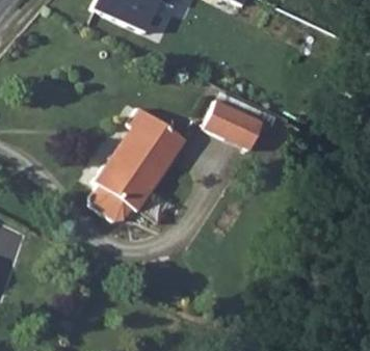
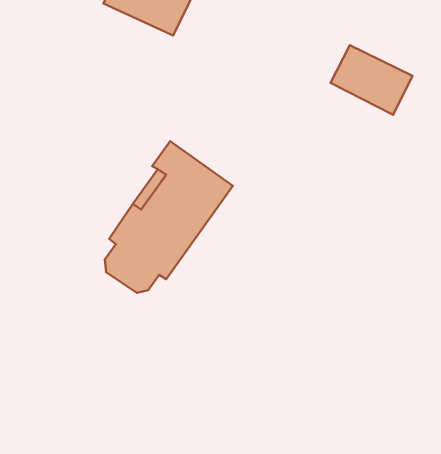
building: [208,105,269,157] -> [330,45,413,115]

